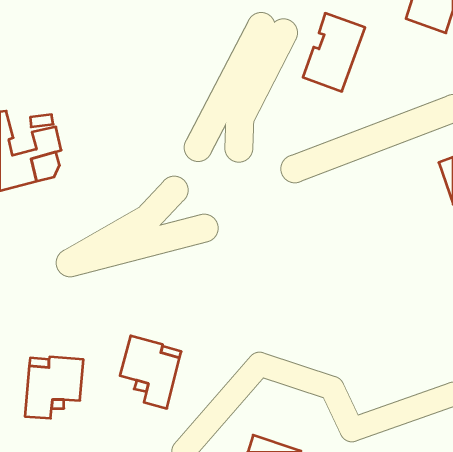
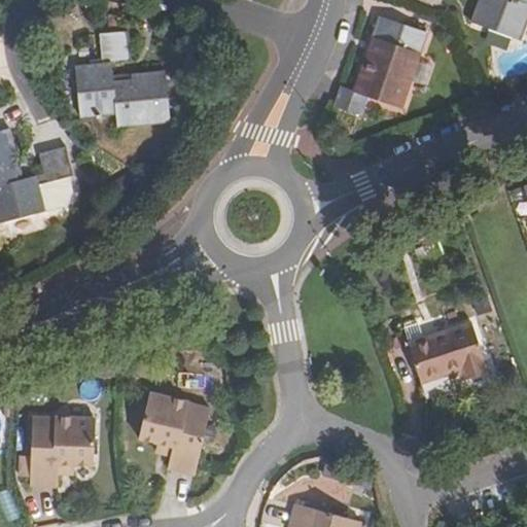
building: none -> [76,33,169,128]
building: none -> [403,320,491,382]

